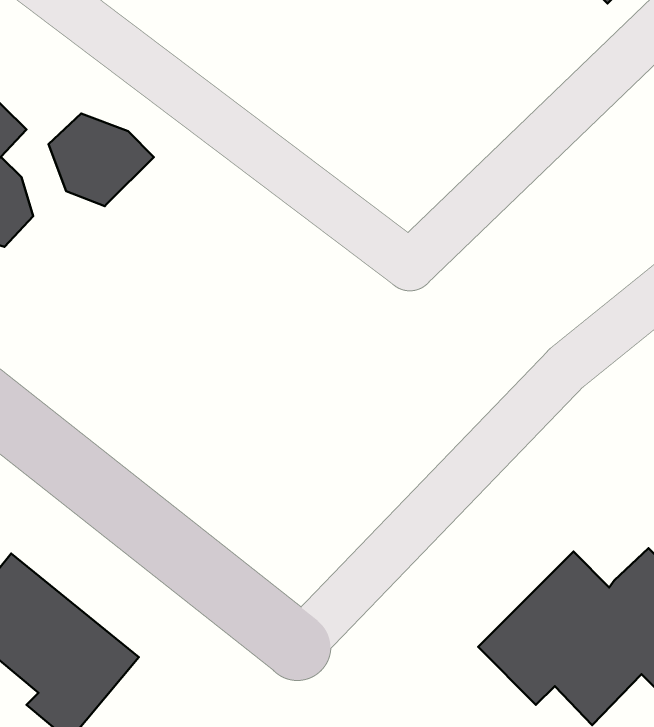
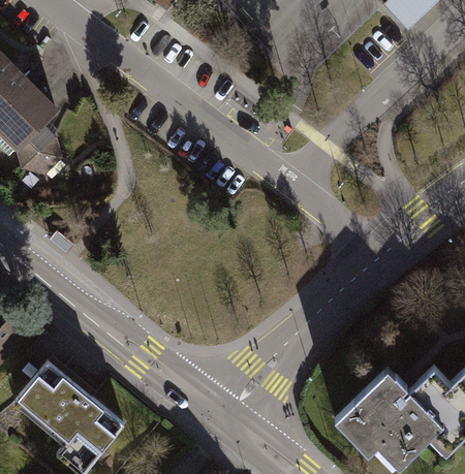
building: [48,114,154,206] -> none

